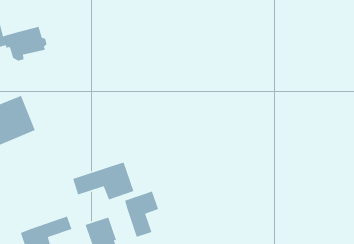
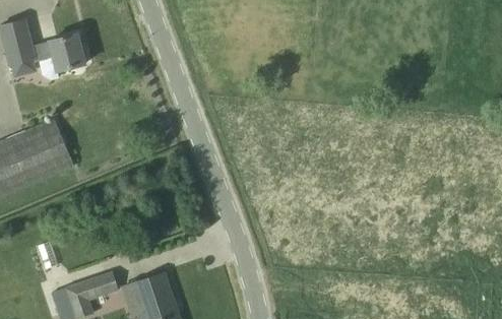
building: [72,162,134,201] -> none
building: [124,191,159,238] -> none

